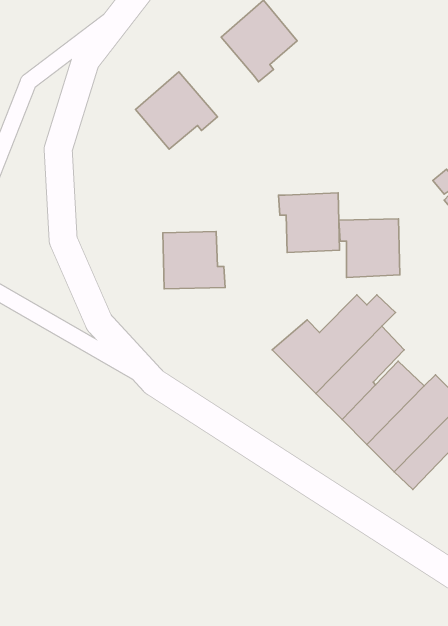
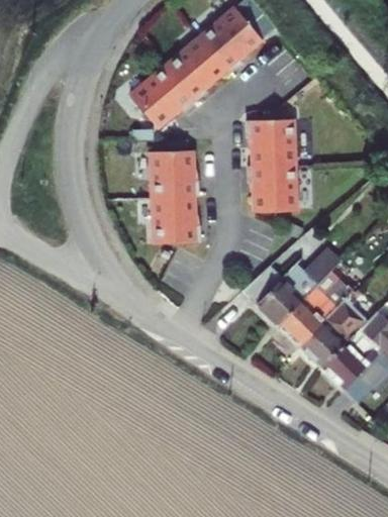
building: none -> [167,36,228,101]
building: none -> [152,147,202,195]
building: [339,219,400,277] -> [247,117,296,165]

